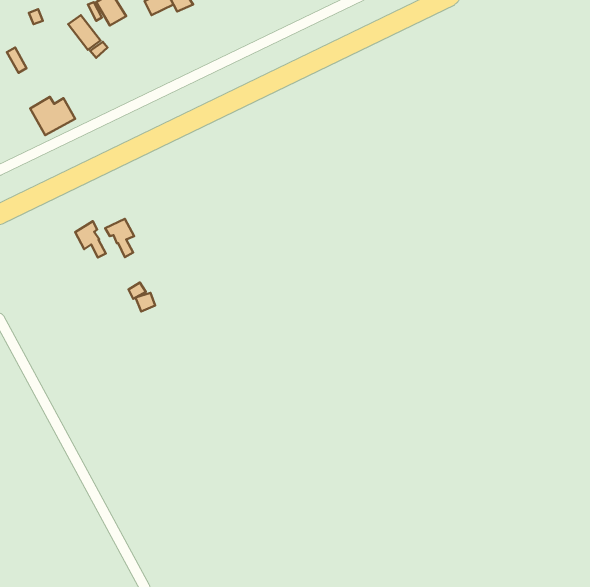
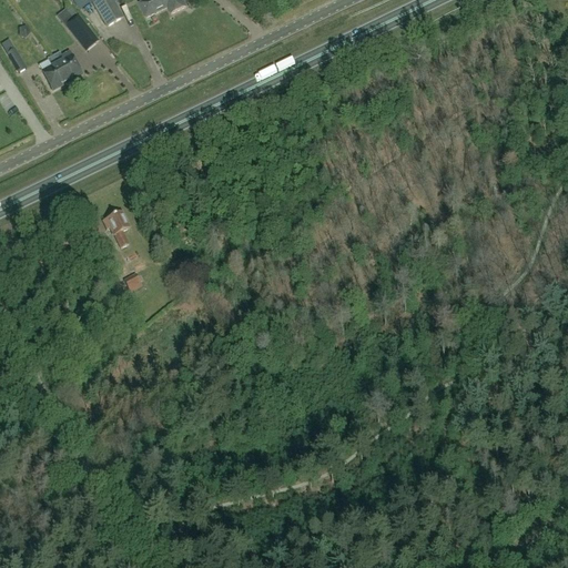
building: [30,97,75,135] -> [38,51,81,88]
building: [75,221,106,257] -> none

